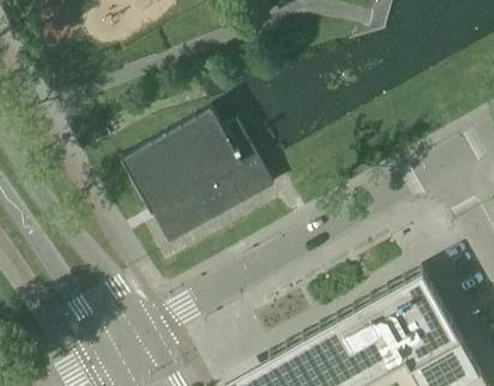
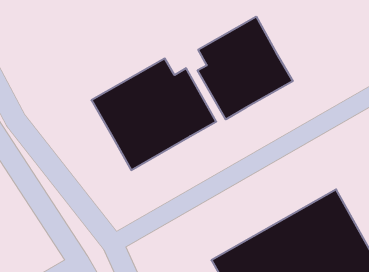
building: none -> [198,17,293,119]

